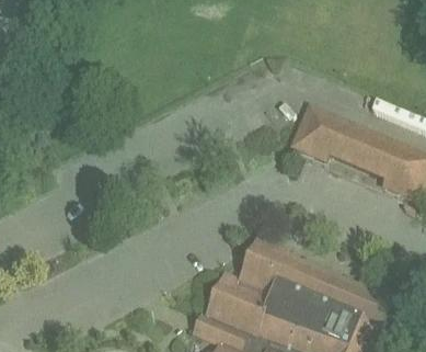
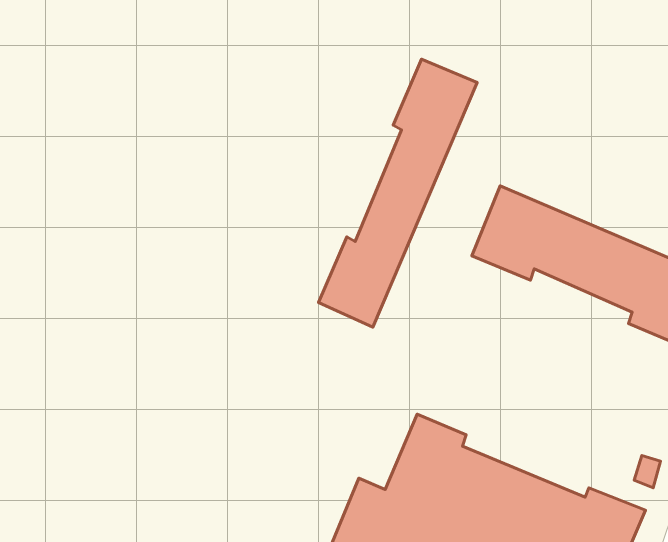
building: none -> [319,59,477,327]

